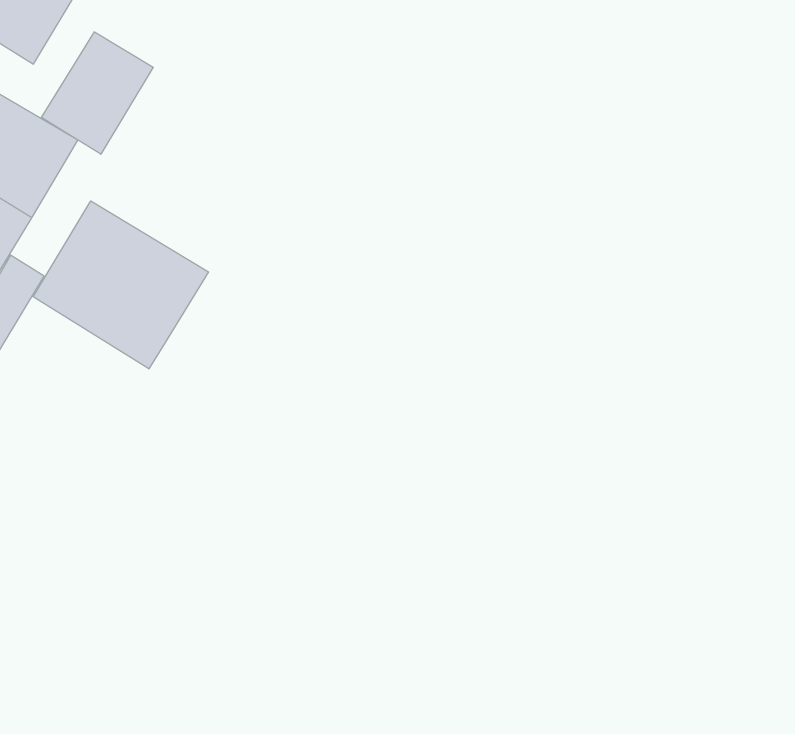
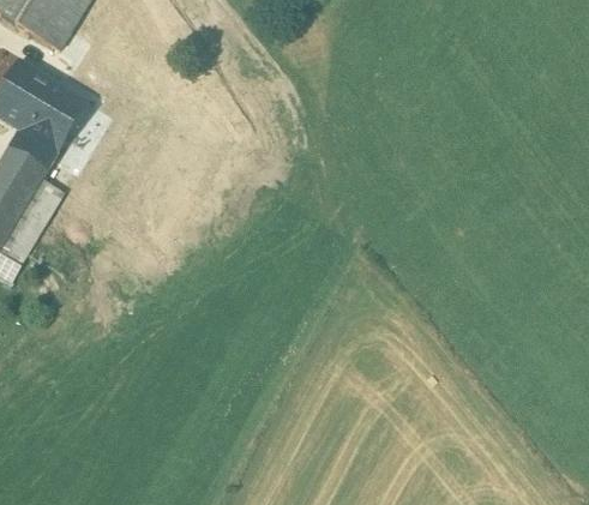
building: [41,32,153,154] -> none
building: [33,201,209,369] -> none

